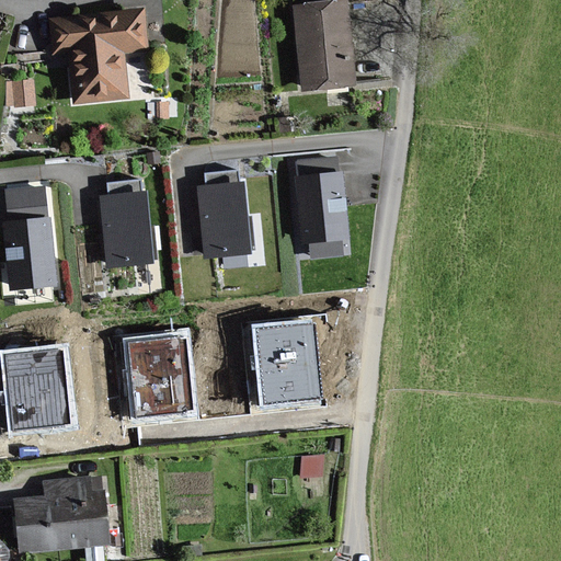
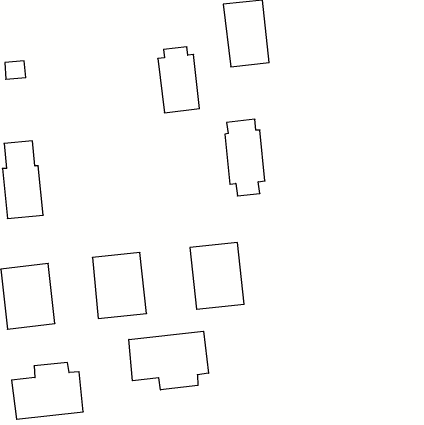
building: [49,9,147,103] -> none
building: [197,171,252,257] -> [158,47,199,113]
building: [101,180,156,266] -> none
building: none -> [129,331,209,390]

